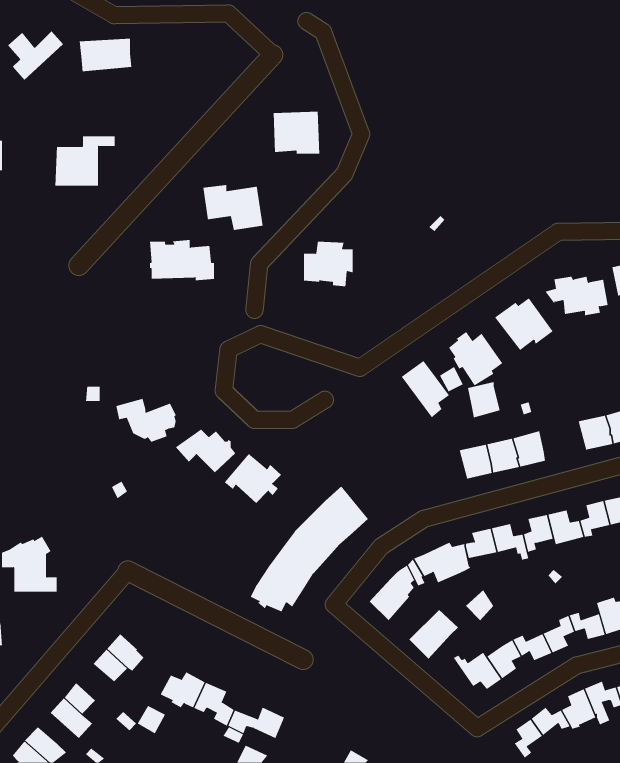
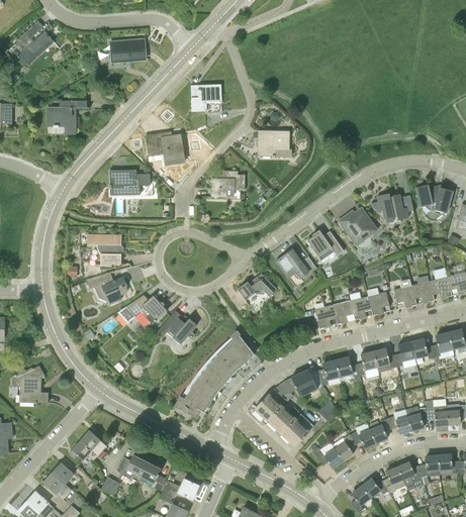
building: [79,38,132,72] -> [110,39,146,62]
building: none -> [258,129,290,157]
building: none -> [88,234,121,265]
building: [467,382,501,418] -> [368,291,390,315]
building: none -> [237,276,277,304]
building: none -> [268,405,301,433]

